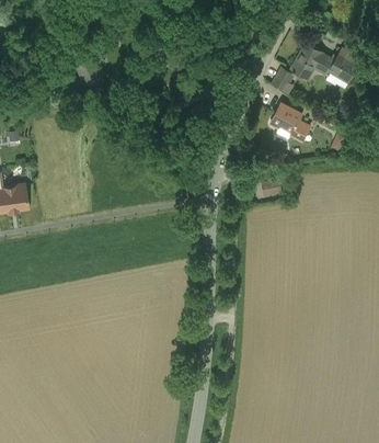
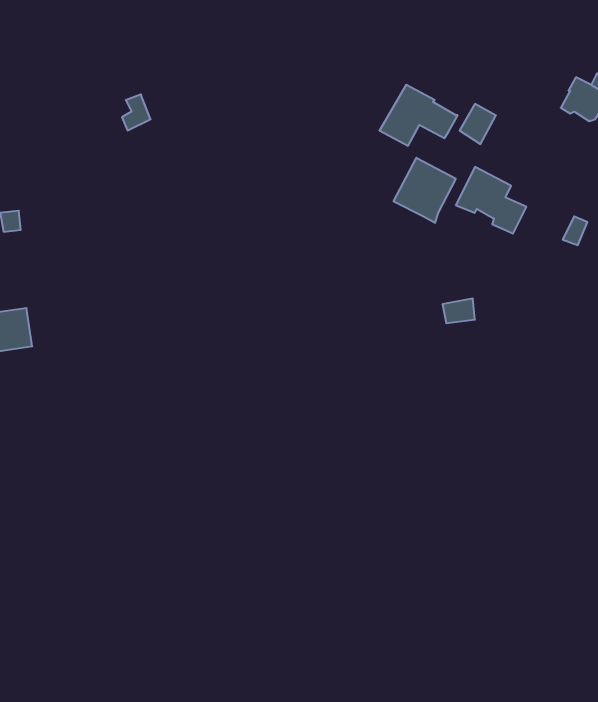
building: [290,43,335,78] -> [379,85,458,146]
building: none -> [394,158,456,223]

